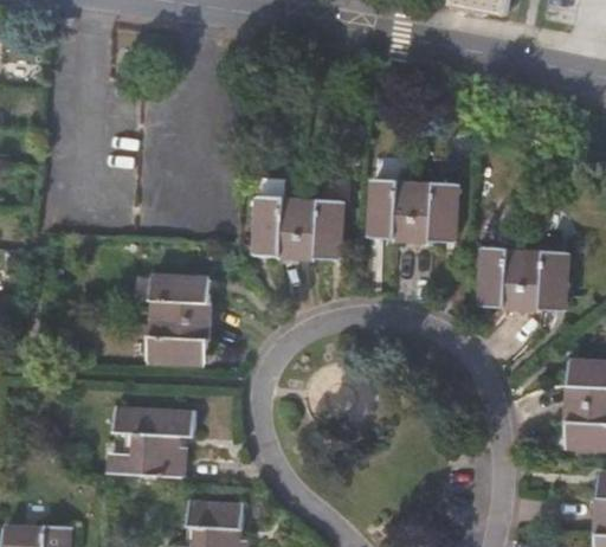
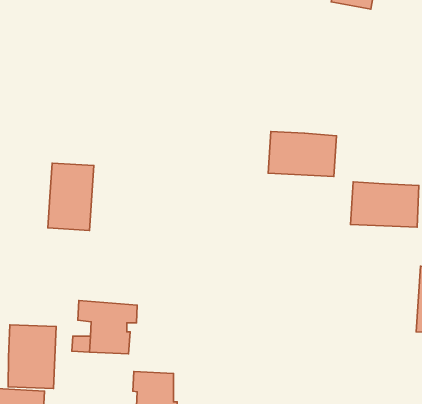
building: [254,197,343,258] -> none
building: [148,276,209,366] -> [48,163,94,230]
building: none -> [8,325,56,388]

